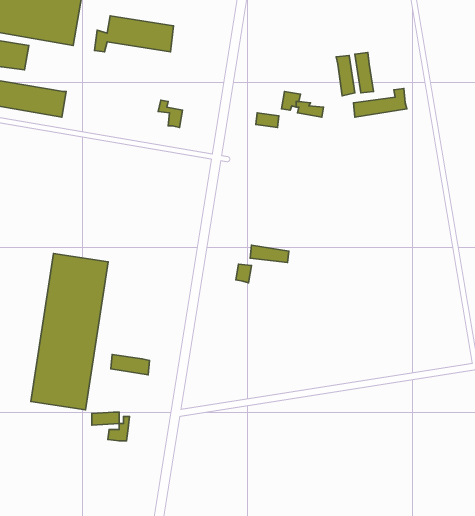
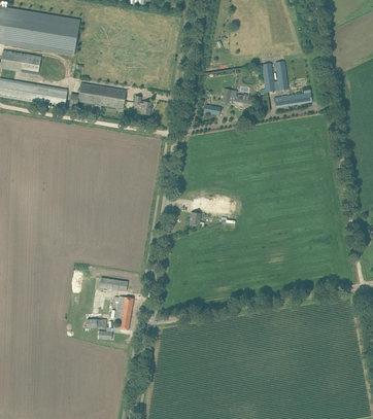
building: [94,16,173,52] -> [69,82,126,108]
building: [31,253,108,410] -> none
building: none -> [115,295,134,329]

